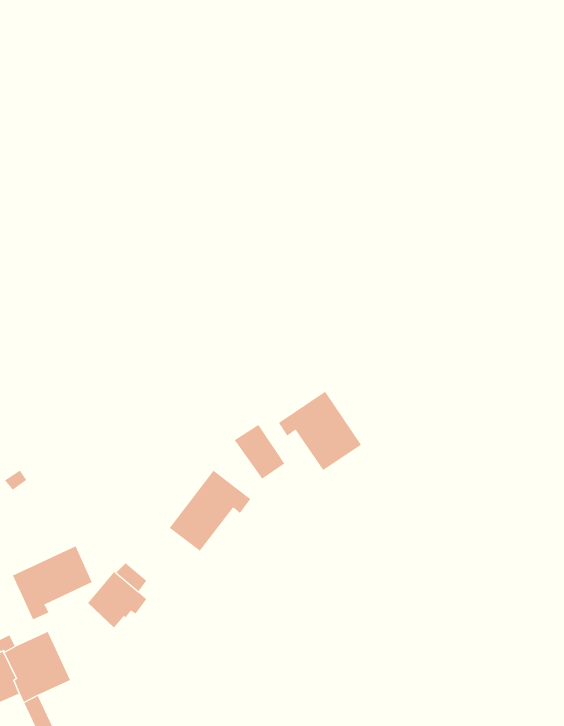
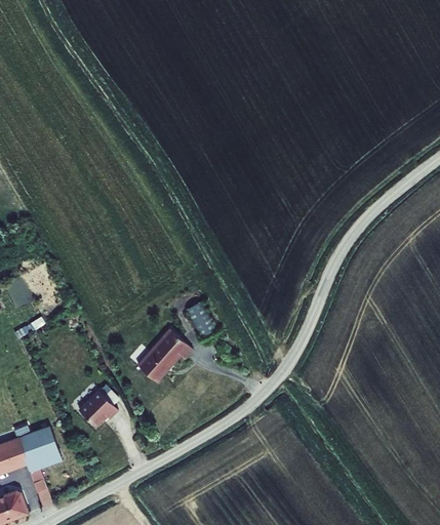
building: [278,391,362,471] -> none
building: [12,546,92,620] -> none

